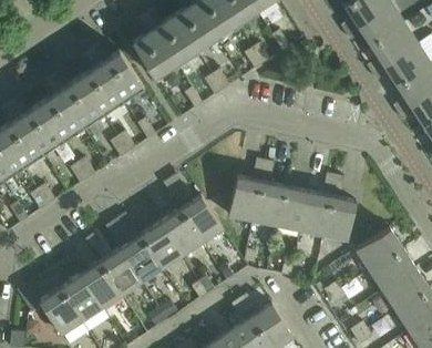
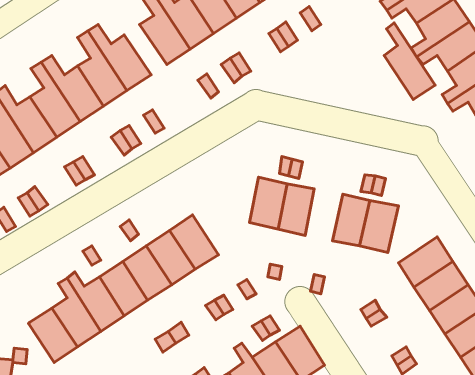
building: none -> [384,23,435,99]
building: [276,186,308,231] -> none
building: [179,195,222,243] -> none

